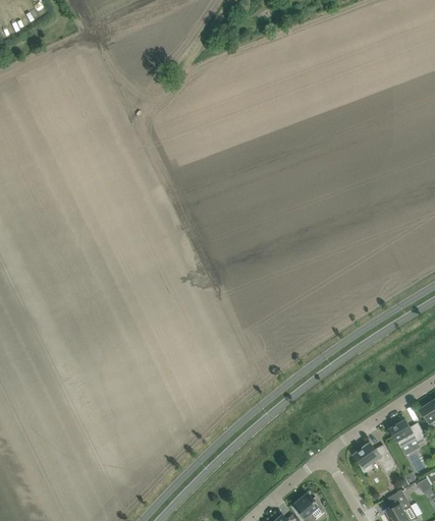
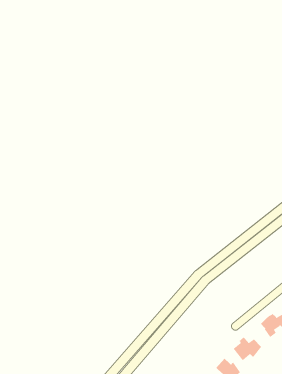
building: none -> [233,336,262,361]

